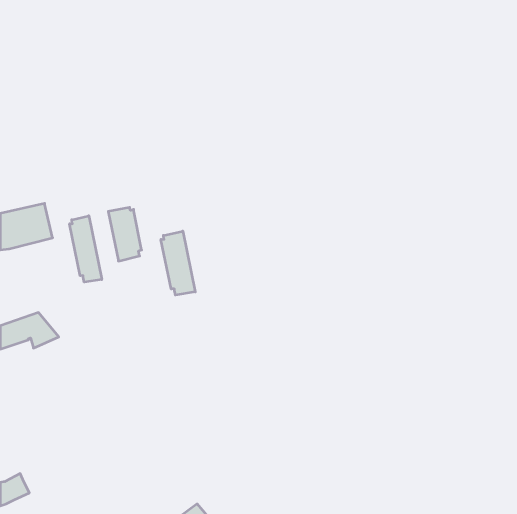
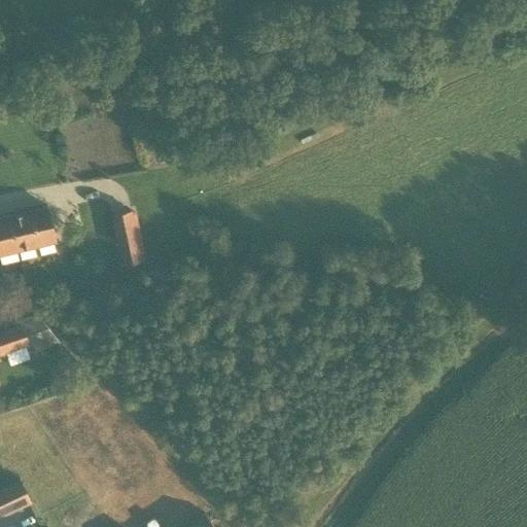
building: [70,216,102,282] -> none
building: [161,231,195,295] -> none

